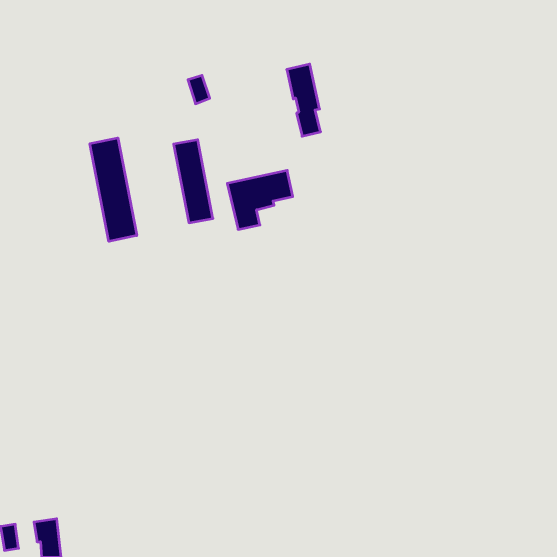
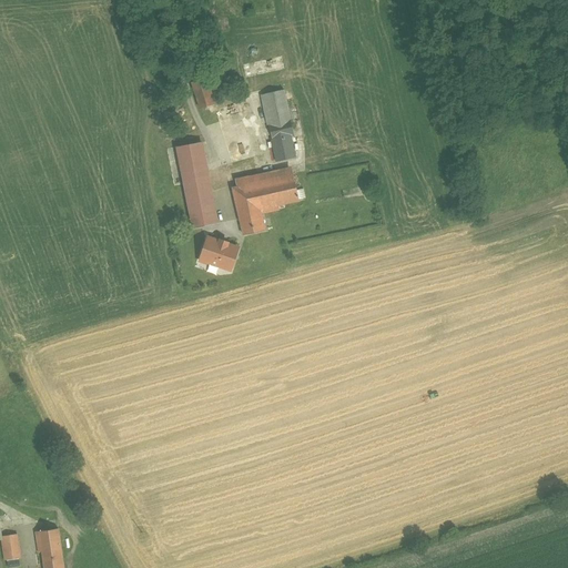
building: [287,64,321,136] -> [260,89,294,162]
building: [90,138,137,241] -> none
building: none -> [197,236,239,270]

